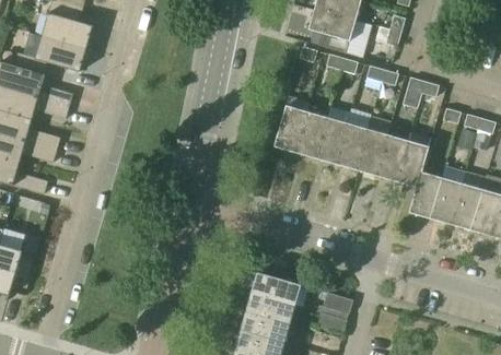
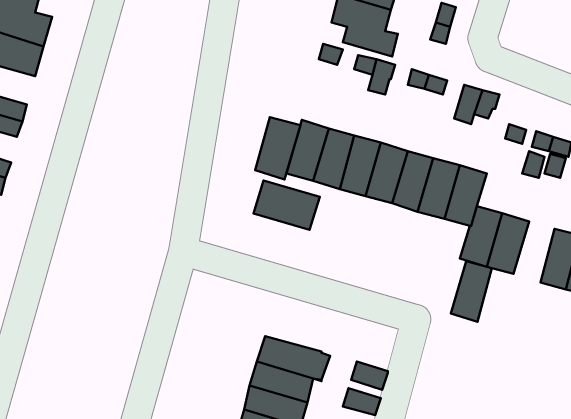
building: none -> [255,117,300,180]
building: none -> [253,181,320,230]
building: [450,184,481,230] -> [451,261,492,322]

